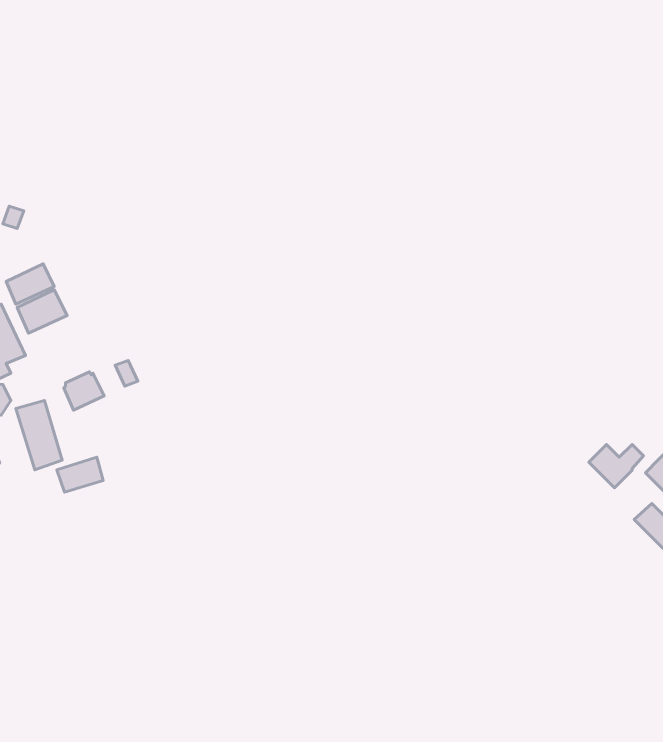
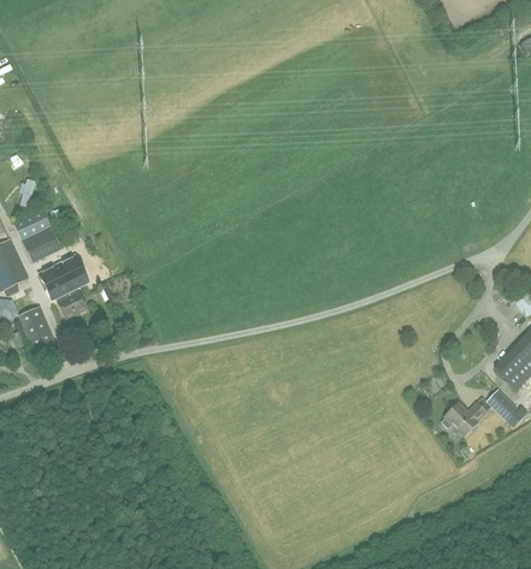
building: none -> [36,255,87,300]
building: [589,444,643,488] -> [443,402,484,434]
building: [57,457,103,492] -> none

